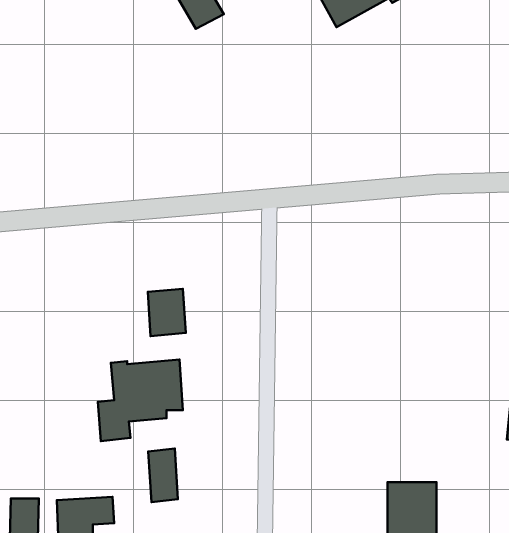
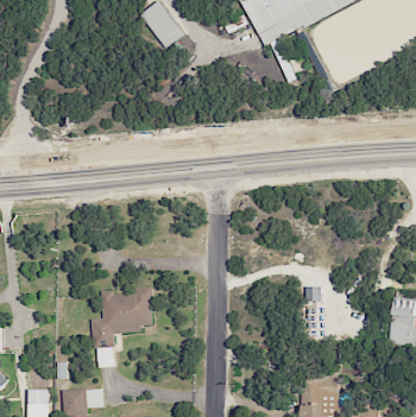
building: [148,289,186,336] -> none
building: [148,449,178,502] -> none

